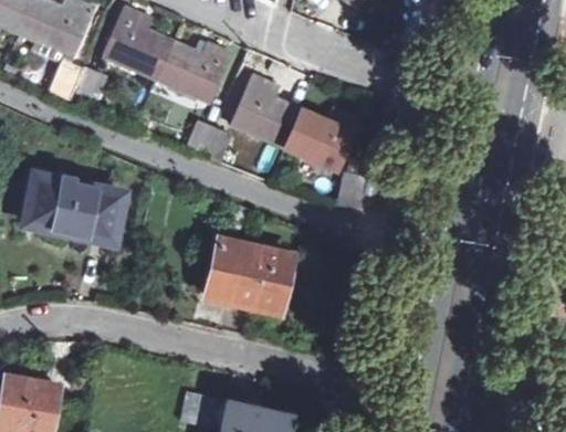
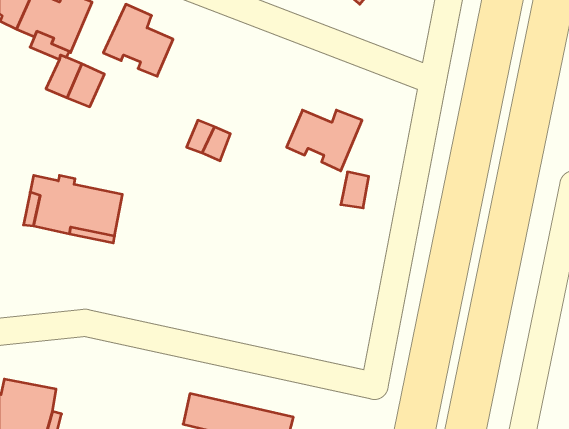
building: [156,42,229,102] -> none
building: [231,75,298,148] -> none
building: [208,240,290,312] -> none

